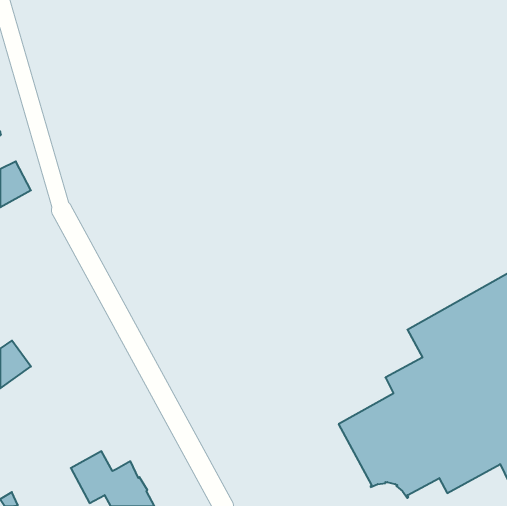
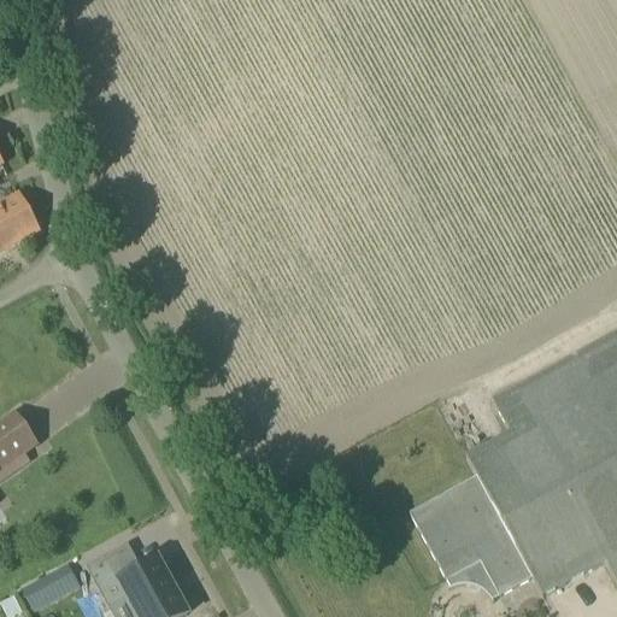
building: none -> [23,570,71,607]

